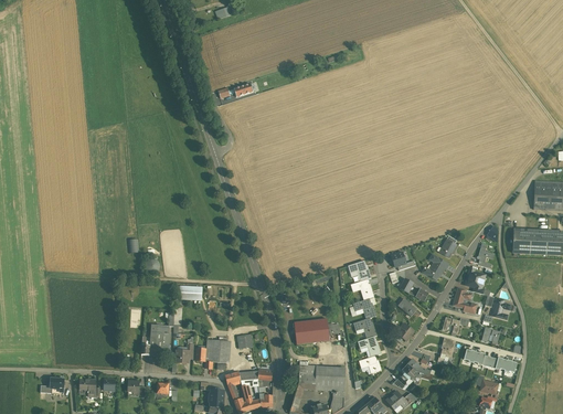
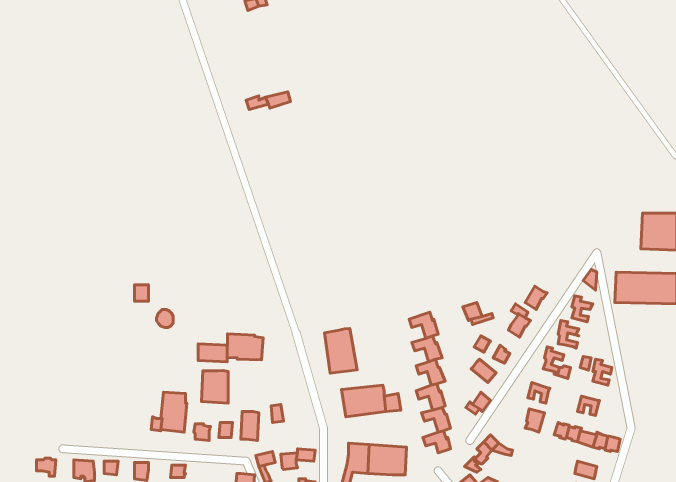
building: none -> [325,329,357,373]
building: none -> [227,334,263,360]
building: none -> [201,371,228,403]

